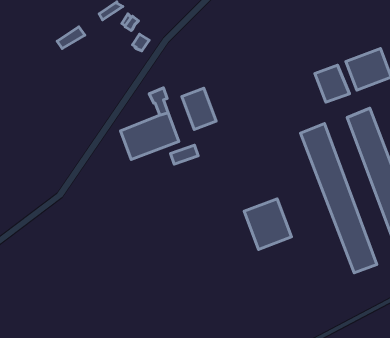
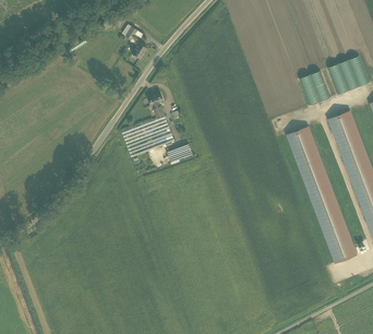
building: [182,88,216,129] -> none
building: [244,199,291,249] -> none

